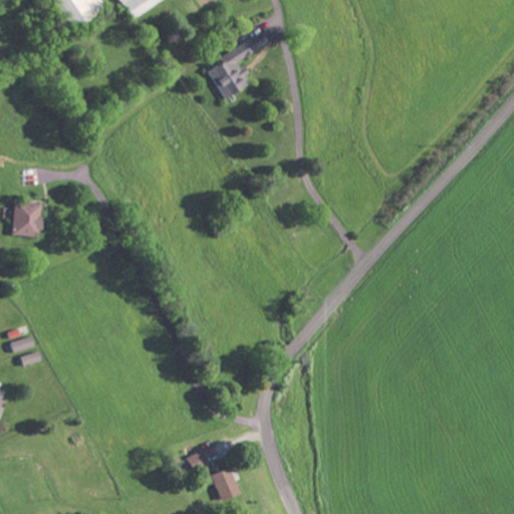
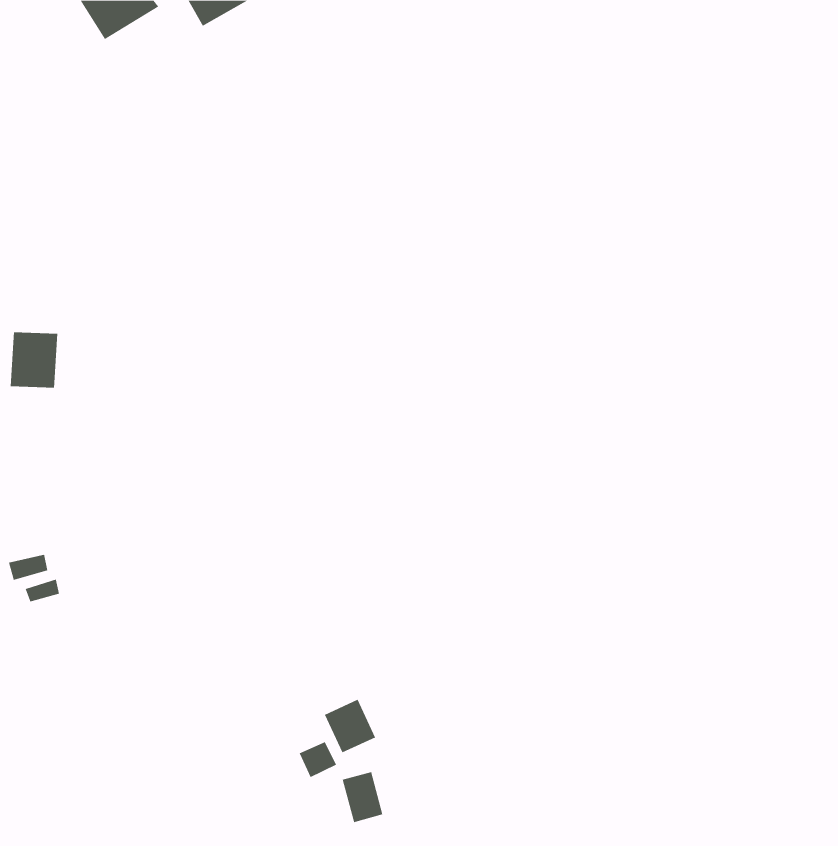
building: [209,33,270,98] -> none
building: none -> [324,699,376,753]

